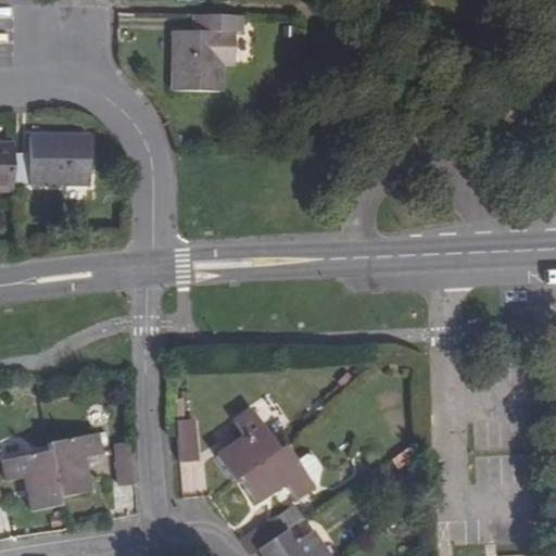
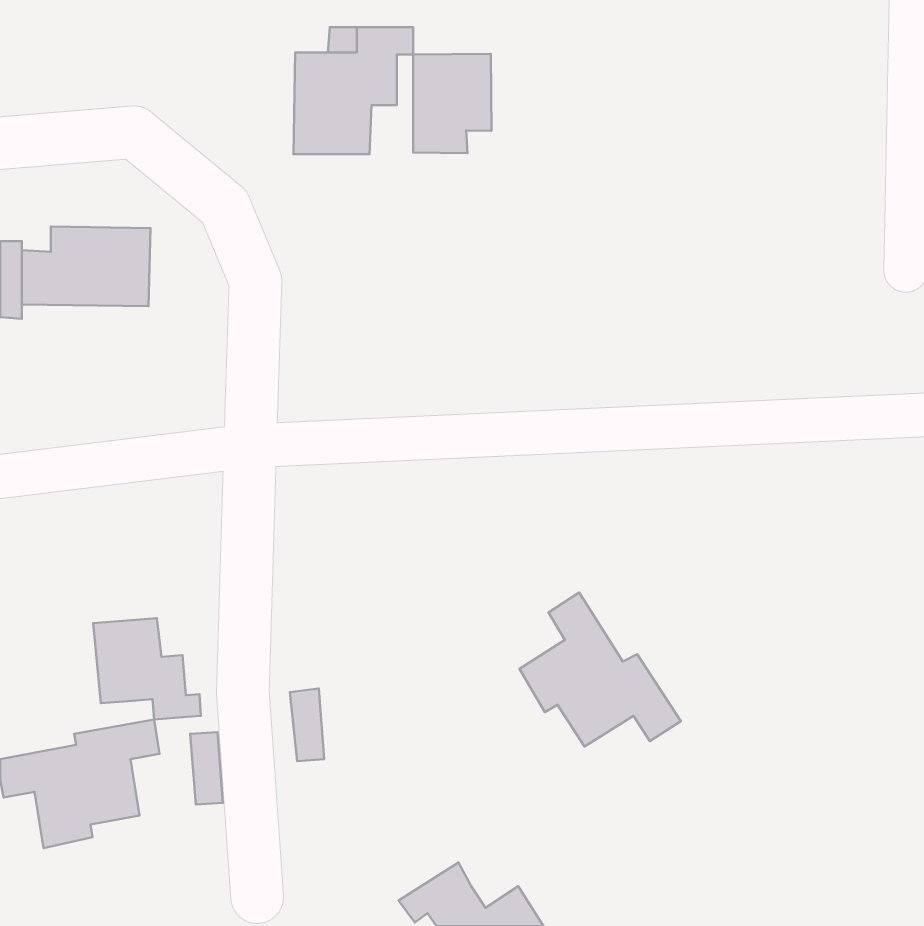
building: none -> [413,54,491,153]
building: none -> [93,618,201,719]
building: [217,410,314,503] -> [519,593,681,747]

